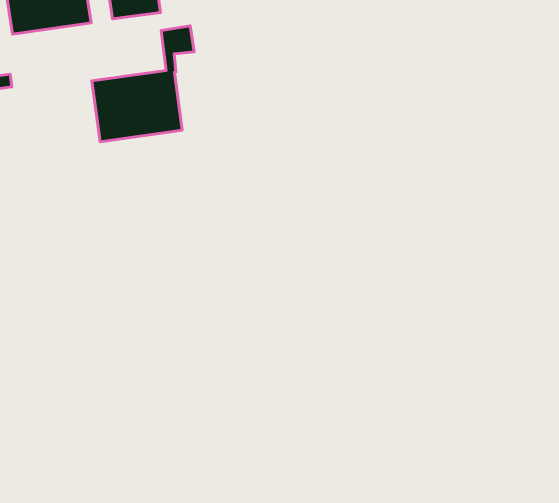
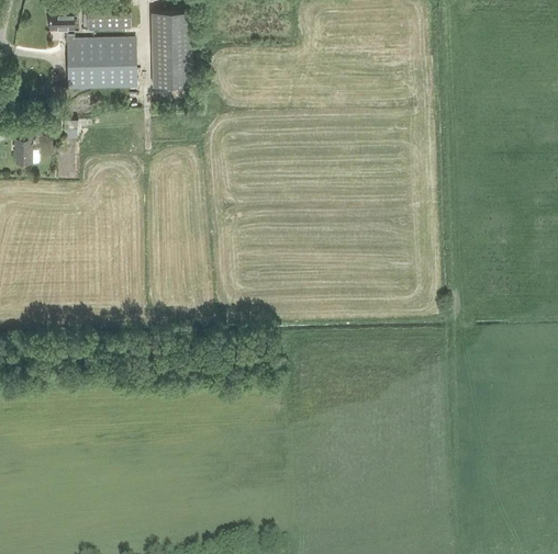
building: [92,26,194,142] -> none

